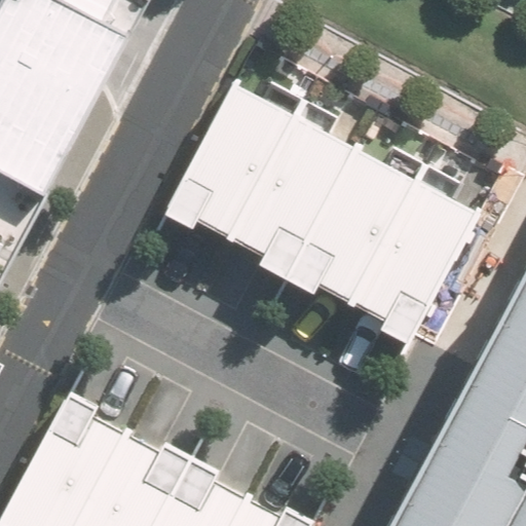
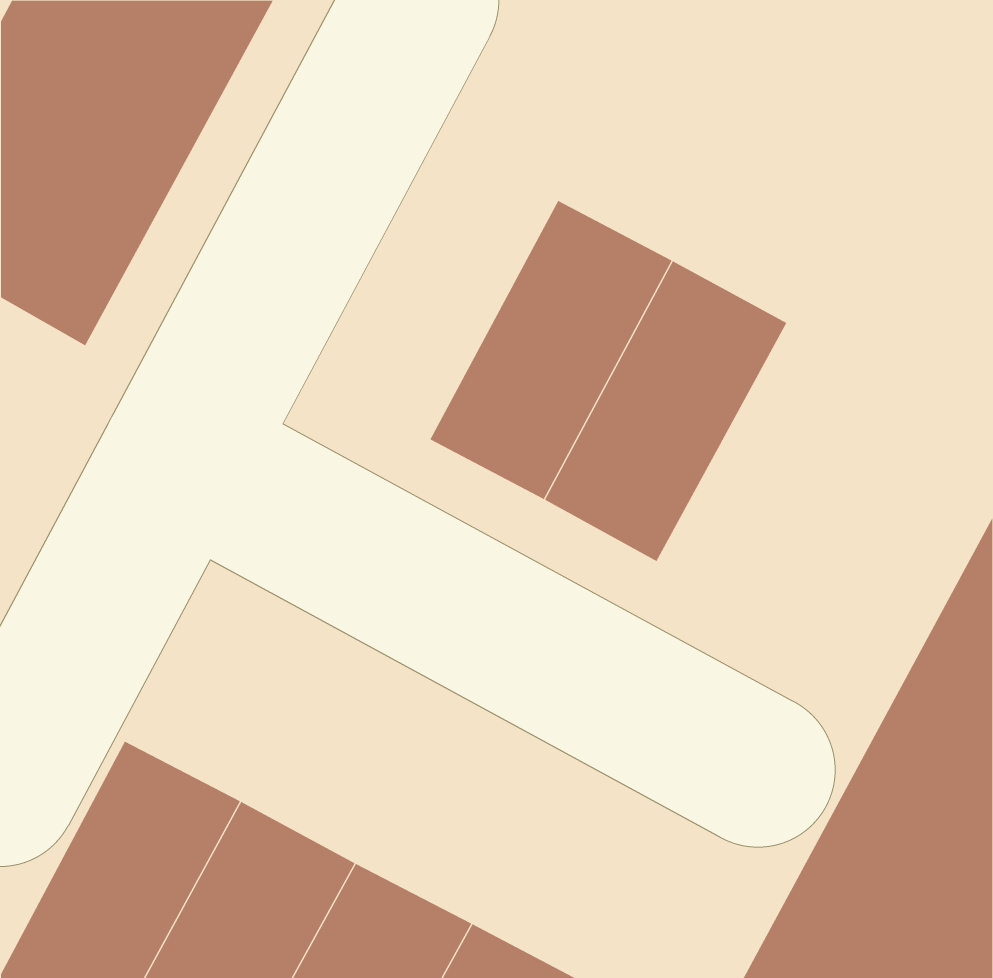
building: [166,82,295,240] -> none
building: [347,179,477,337] -> none

